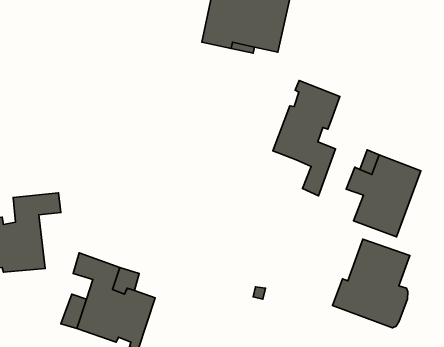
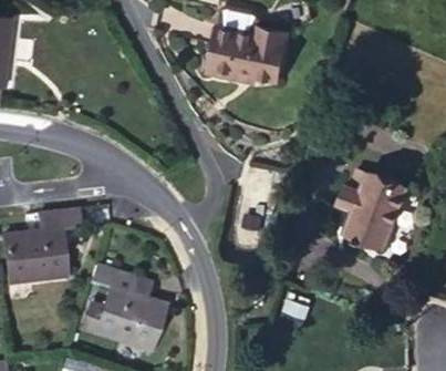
building: [273,81,340,196] -> none
building: [332,239,410,328] -> none

